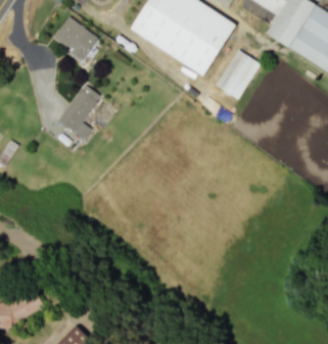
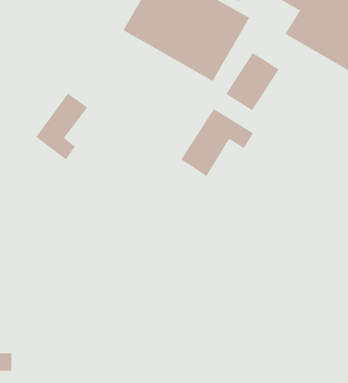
building: [53,16,98,62] -> none
building: none -> [181,108,254,177]

